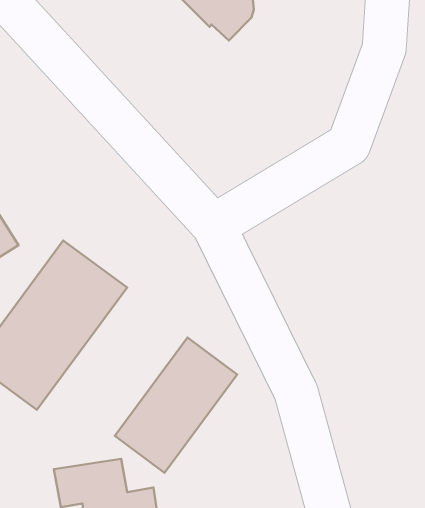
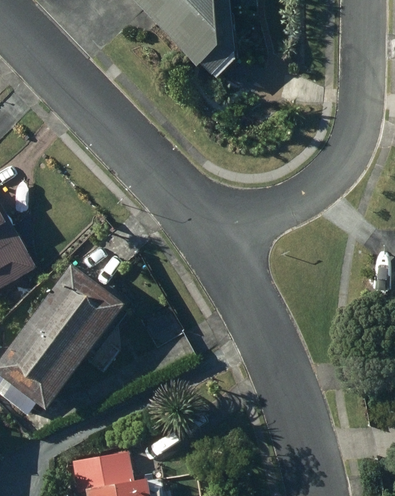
building: [115,337,237,473] -> none

